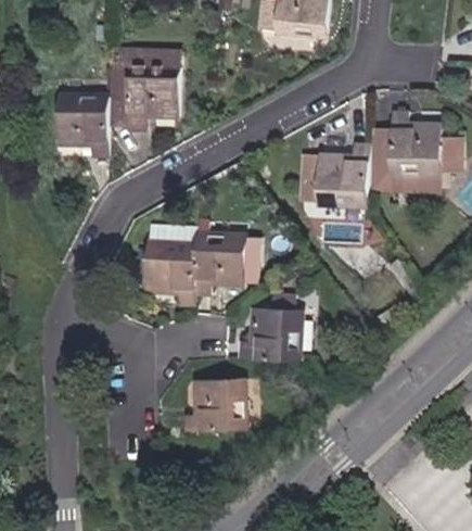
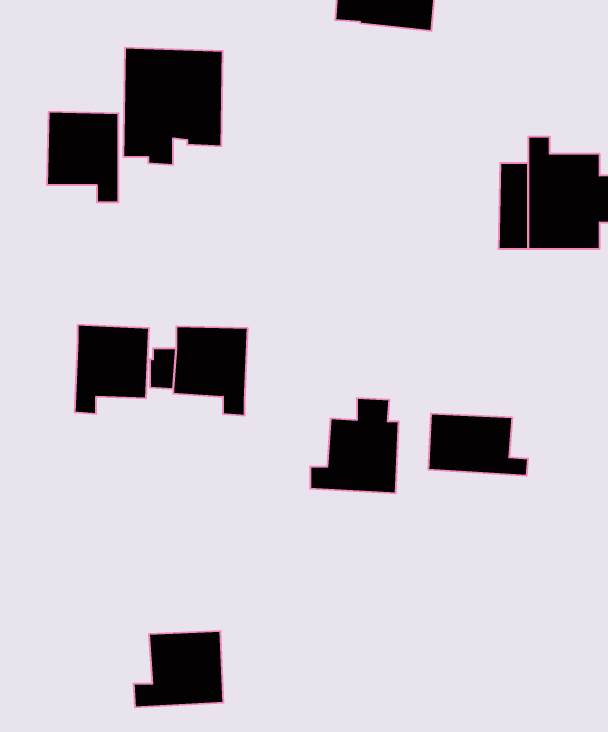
building: [303,143,371,206] -> none
building: [195,233,247,295] -> [75,325,149,414]
building: none -> [428,413,528,476]
building: [186,378,248,431] -> [133,631,224,707]

